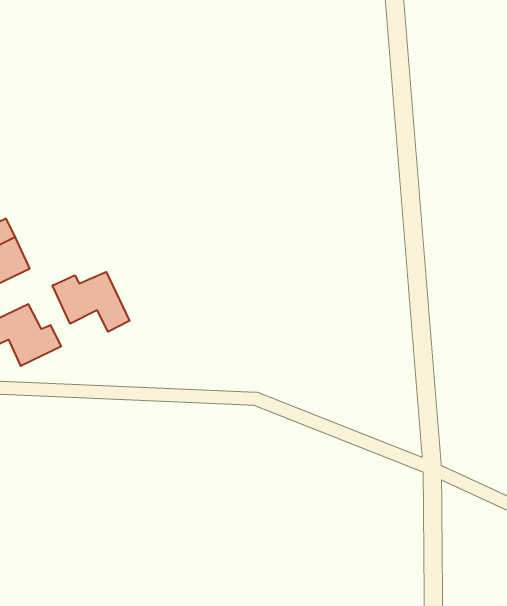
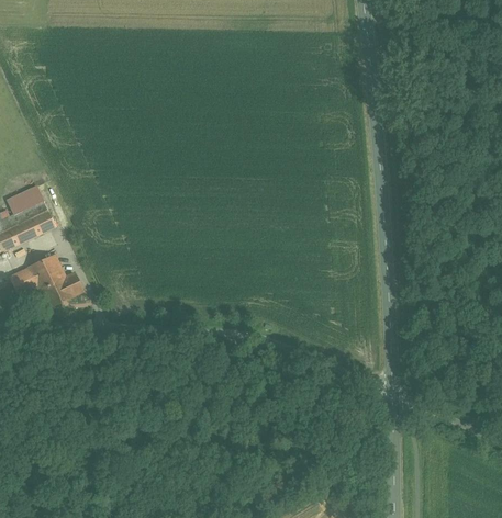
building: [52,272,129,332] -> none

